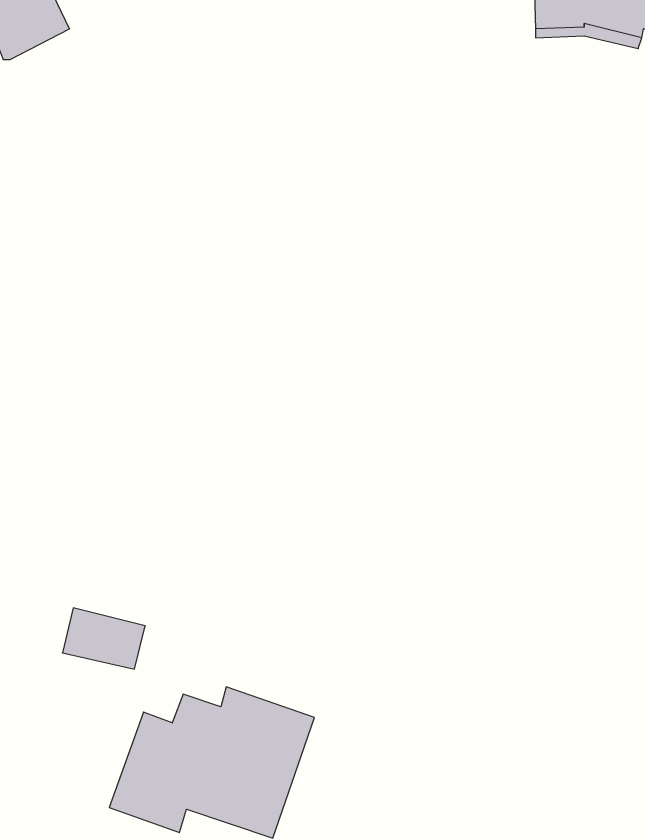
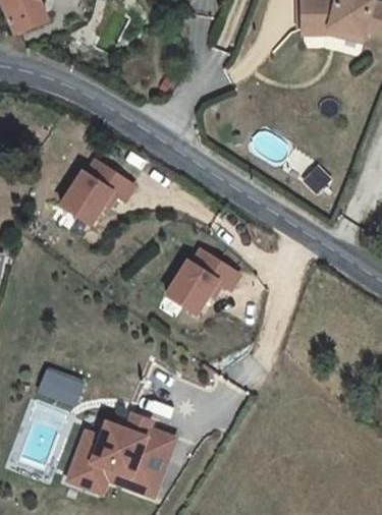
building: none -> [63,153,140,222]
building: none -> [166,238,244,308]

